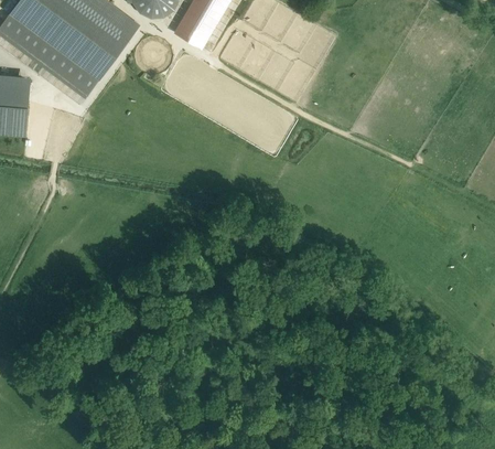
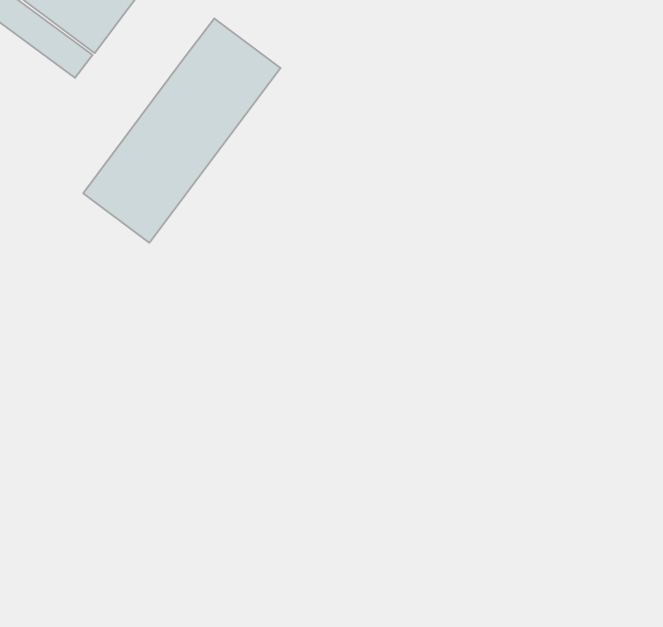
building: none -> [83,18,281,243]

